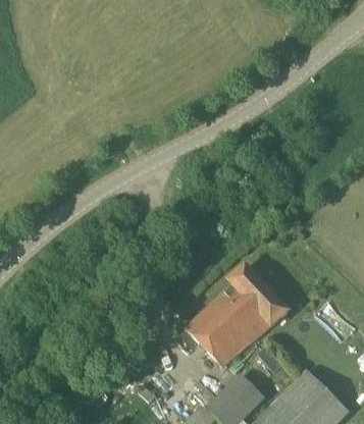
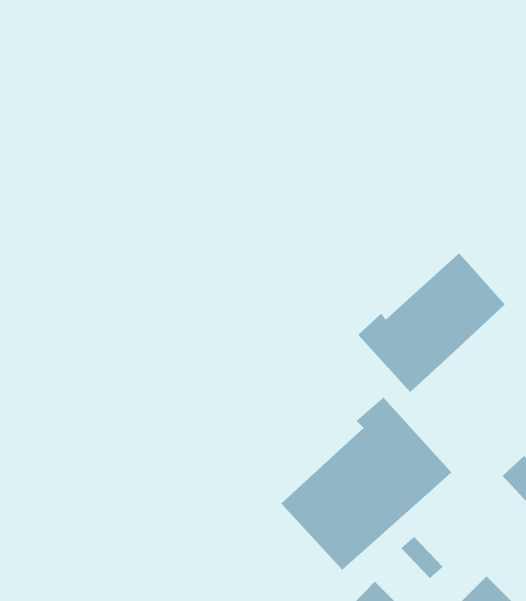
building: none -> [358,253,506,393]

